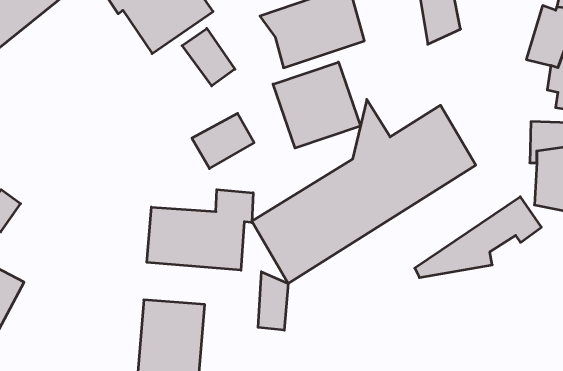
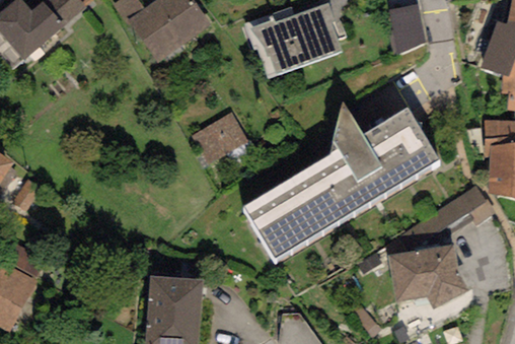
building: [182,28,235,86] -> none
building: [273,62,360,148] -> none
building: [147,190,253,270] -> none
building: none -> [389,245,468,312]
building: [258,272,288,330] -> none

